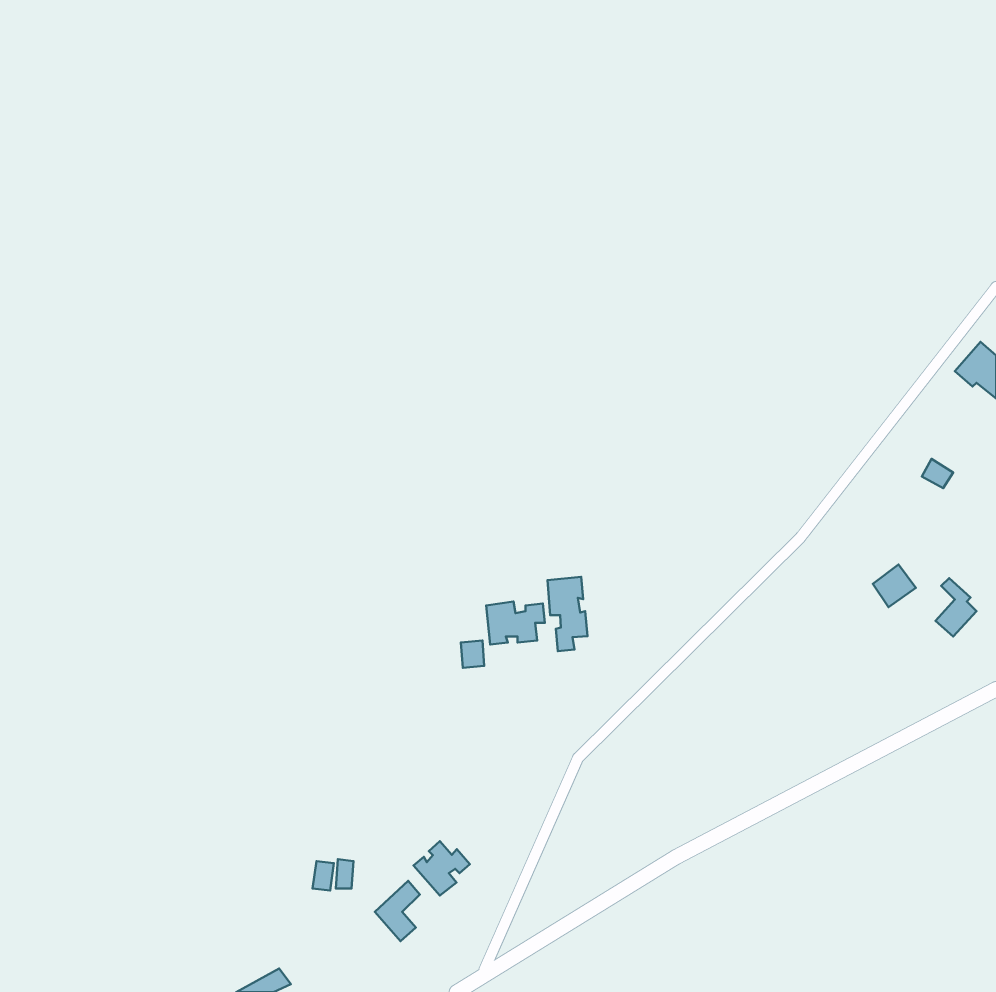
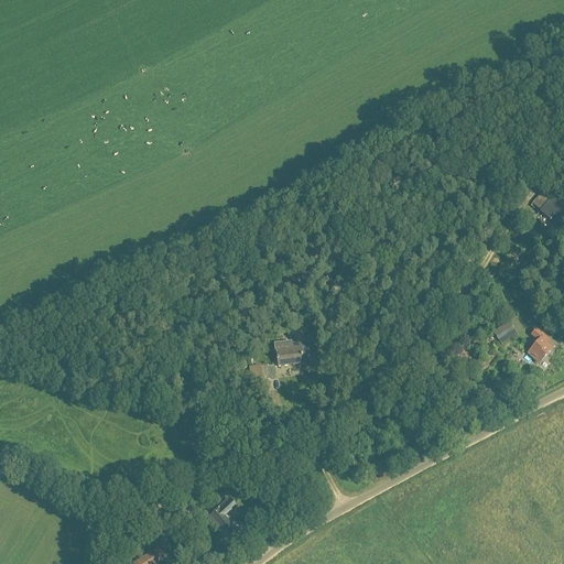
building: [548,577,588,651] -> none
building: [413,841,470,896] -> none

